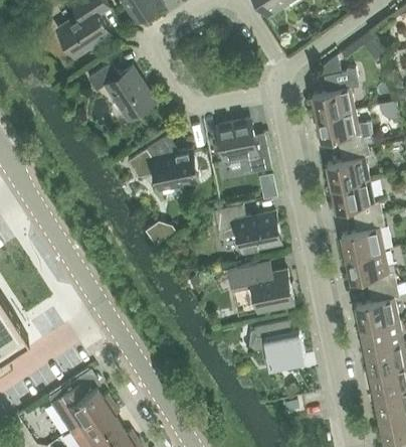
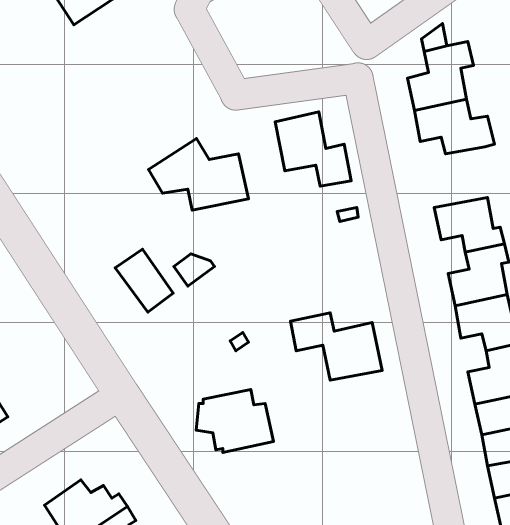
building: [87,63,154,120] -> none
building: [326,145,369,188] -> none
building: [214,204,280,251] -> none
building: none -> [115,249,173,312]
building: [249,320,304,365] -> [196,389,273,453]

